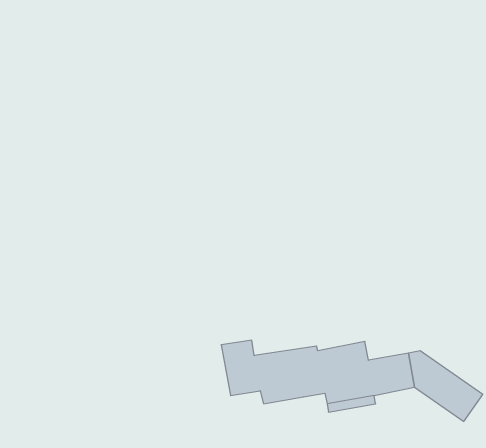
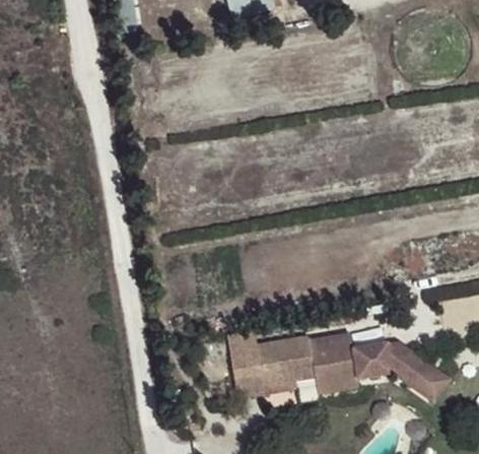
building: none -> [234,374,298,398]

